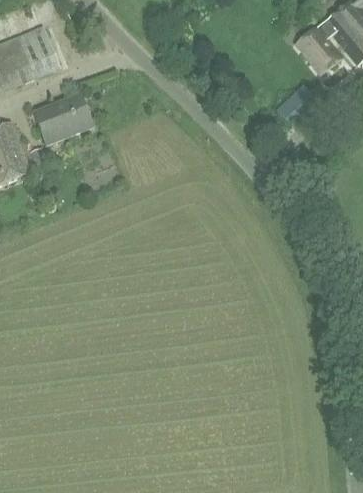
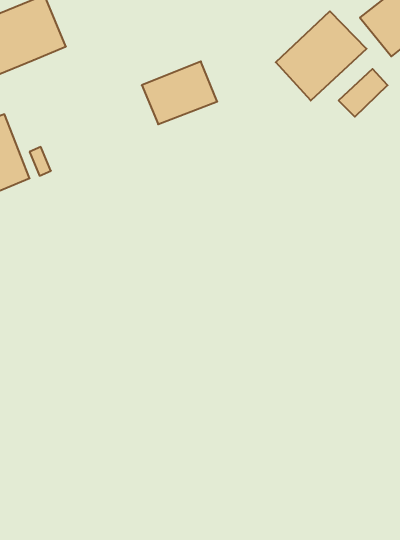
building: none -> [276,11,367,101]
building: [34,92,94,142] -> [142,61,217,124]

